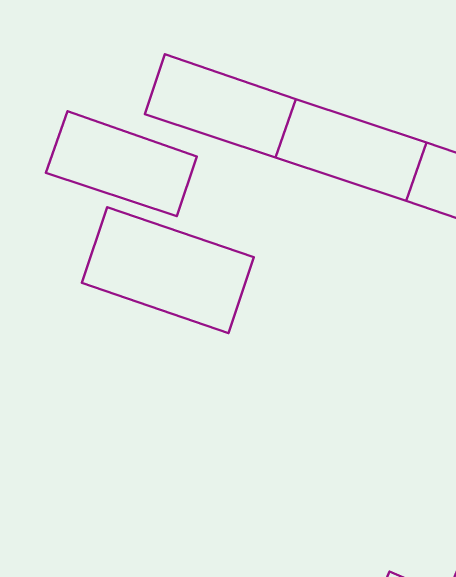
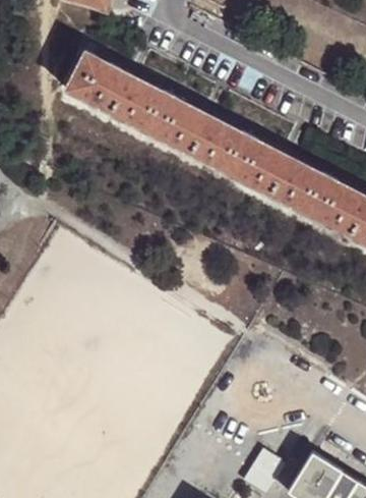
building: [46,111,197,216] -> [63,50,165,130]
building: [82,207,254,333] -> none

